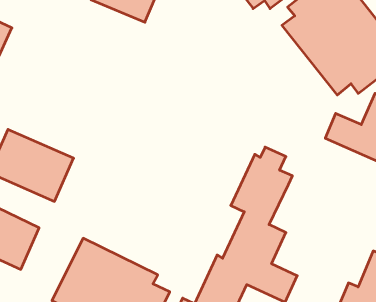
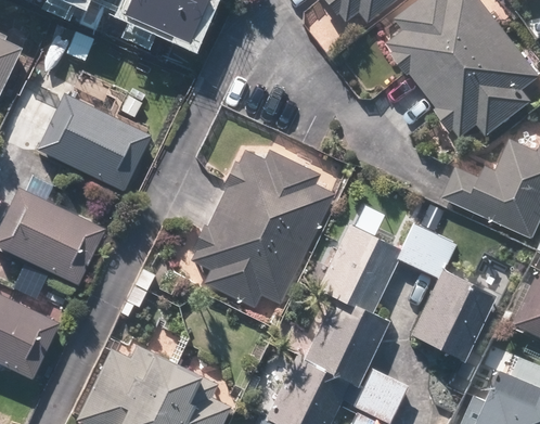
building: none -> [33,91,149,193]
building: none -> [190,147,334,308]
building: none -> [394,221,500,365]

